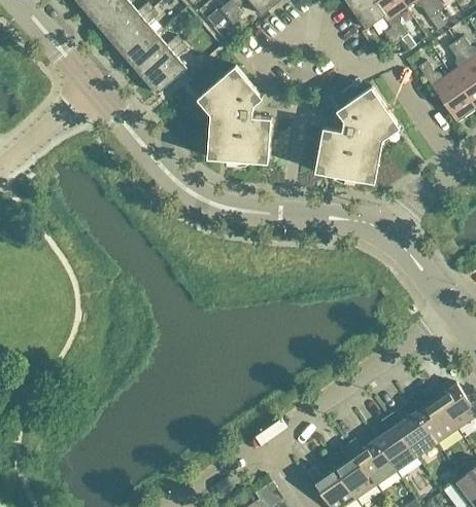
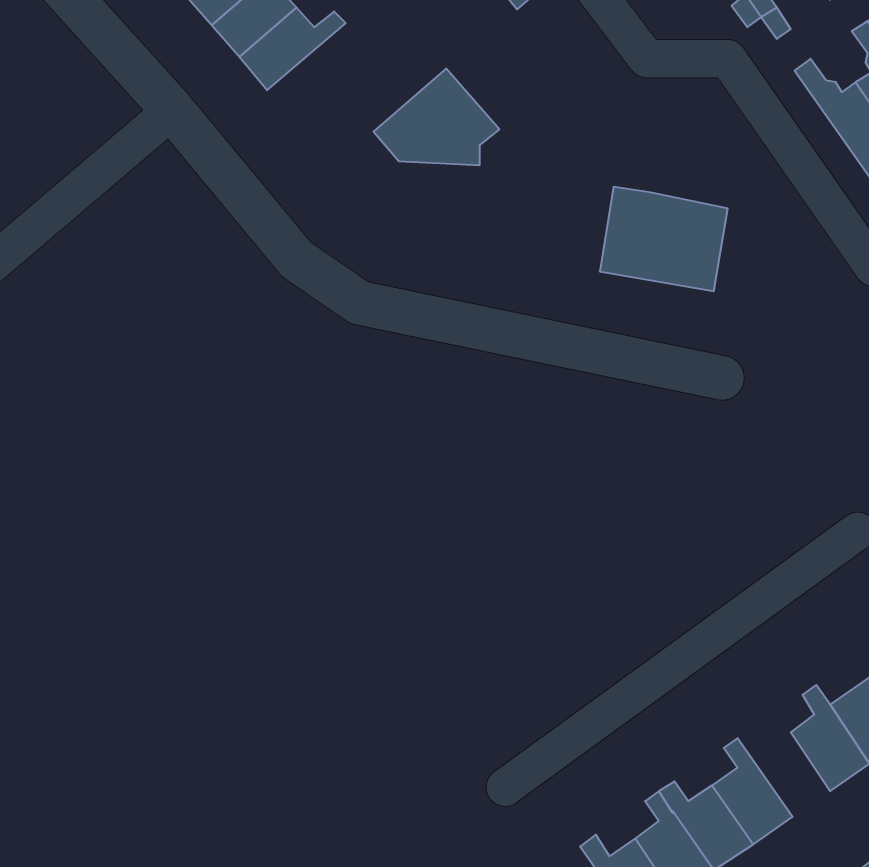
building: [141,42,186,95] -> none
building: [337,86,400,139] -> none
building: [207,114,271,162] -> none
building: [387,410,436,457] -> none

